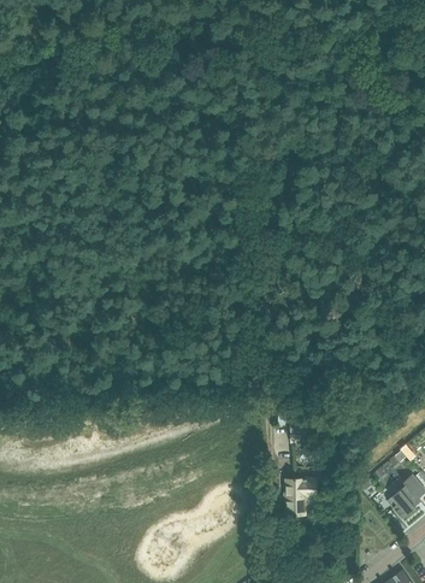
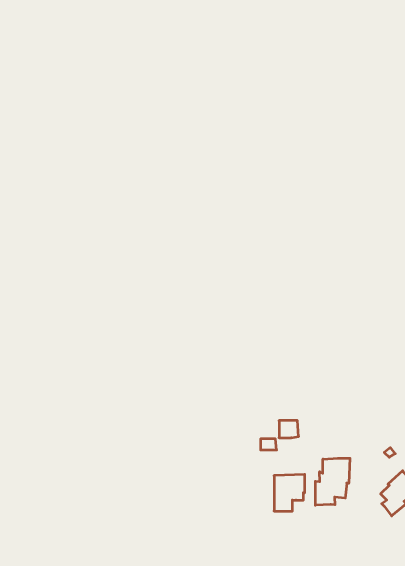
building: none -> [315,458,350,505]

